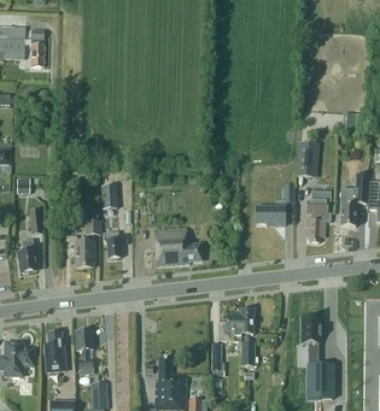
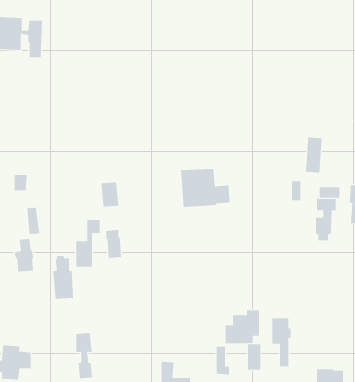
building: [256,206,285,225] -> none
building: [153,228,201,265] -> [180,169,230,208]
building: [302,318,321,365] -> [272,318,292,367]
building: [45,330,65,372] -> [52,255,74,299]

